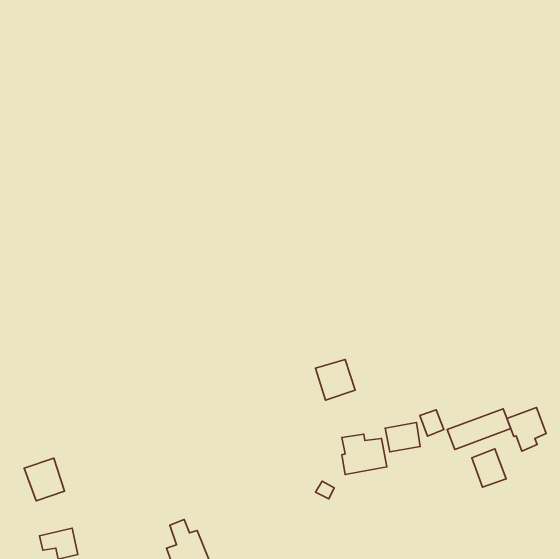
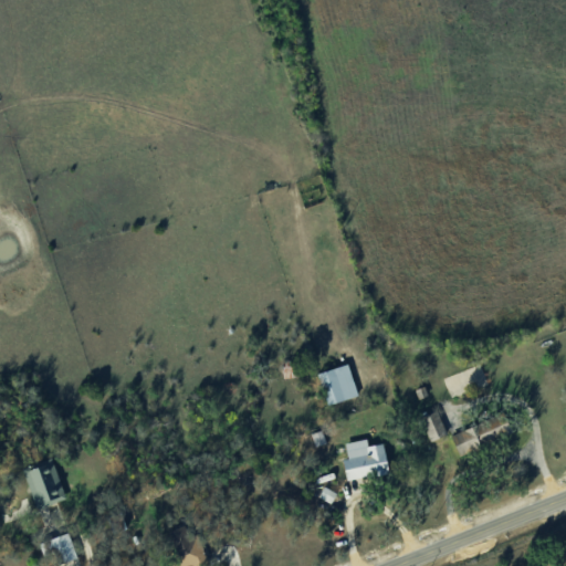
building: [507,407,546,451] -> none
building: [385,422,420,452] -> none
building: [472,449,506,487] -> none

